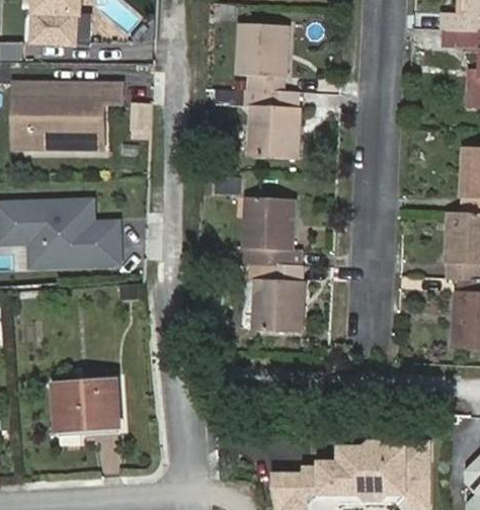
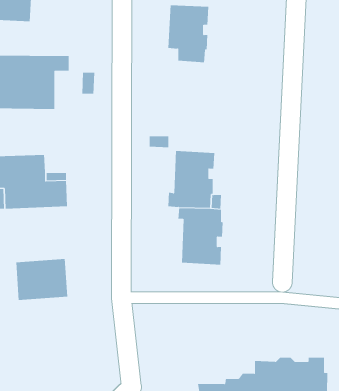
building: [247,90,299,159] -> none
building: [57,380,119,430] -> [15,259,68,300]

